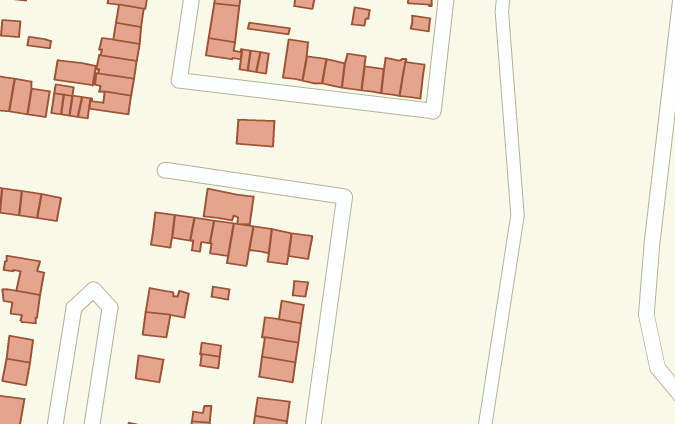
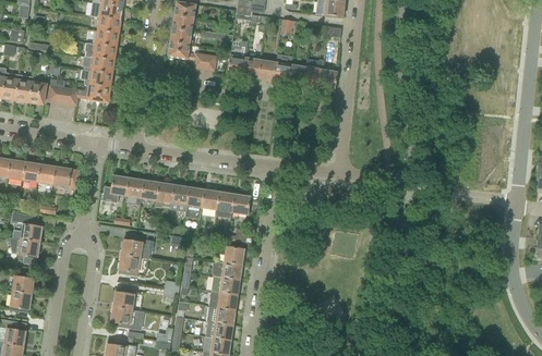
building: [55,60,96,86] -> none
building: [204,189,253,225] -> none
building: none -> [52,167,80,187]
building: none -> [103,174,129,201]
building: none -> [207,305,236,324]
building: none -> [110,306,141,328]

